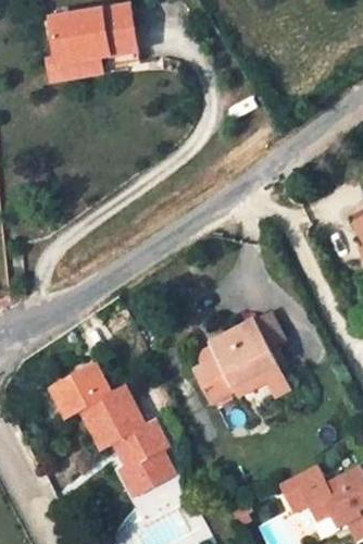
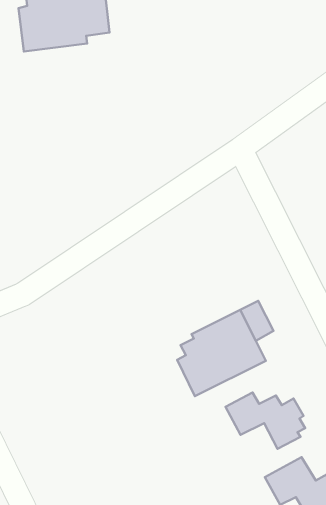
building: [49,369,174,489] -> none
building: none -> [225,393,305,449]

